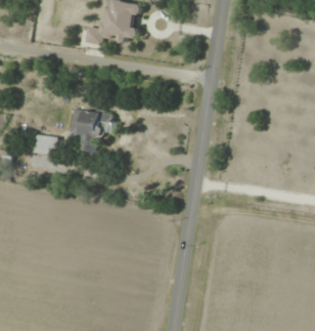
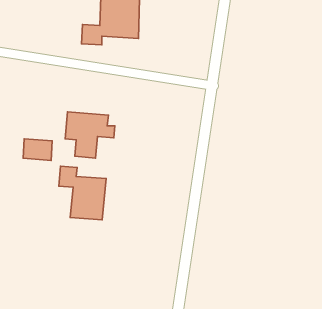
building: none -> [59,166,106,220]

